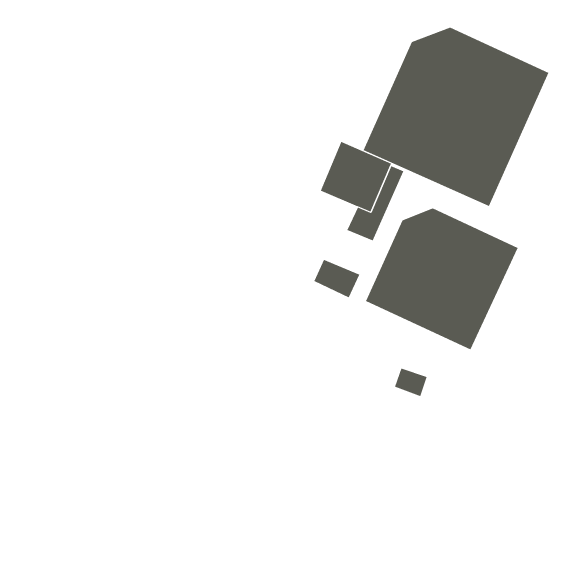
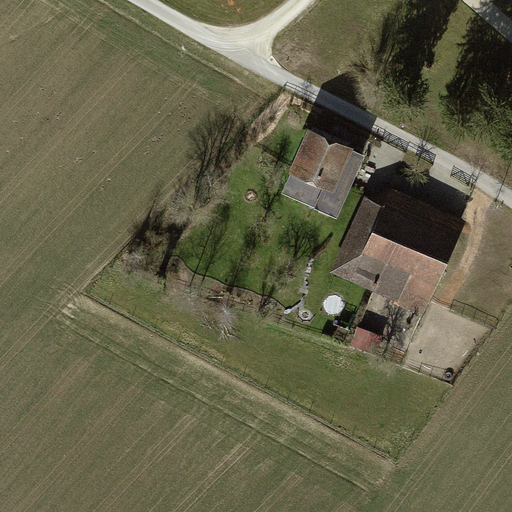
building: [363,27,549,207] -> none
building: [314,259,360,298] -> [280,173,322,208]

